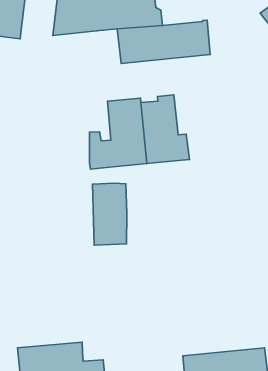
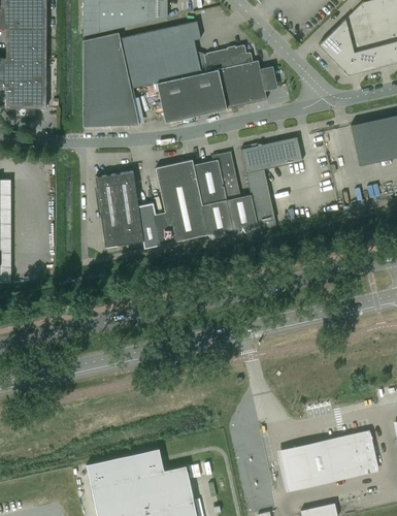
building: none -> [203,45,253,72]
building: none -> [82,88,138,126]
building: none -> [240,136,302,223]
building: [93,183,127,245] -> [95,171,142,247]

